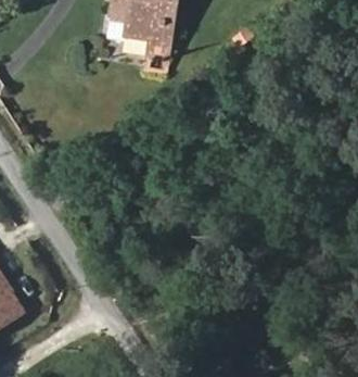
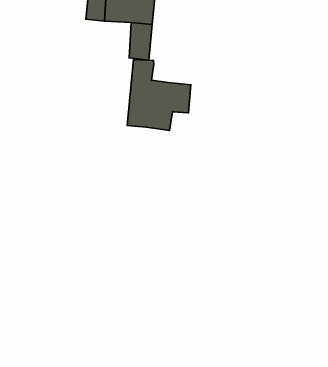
building: none -> [127,59,191,131]

